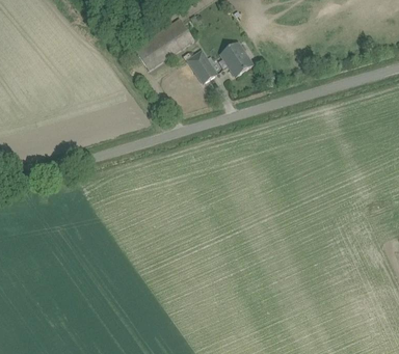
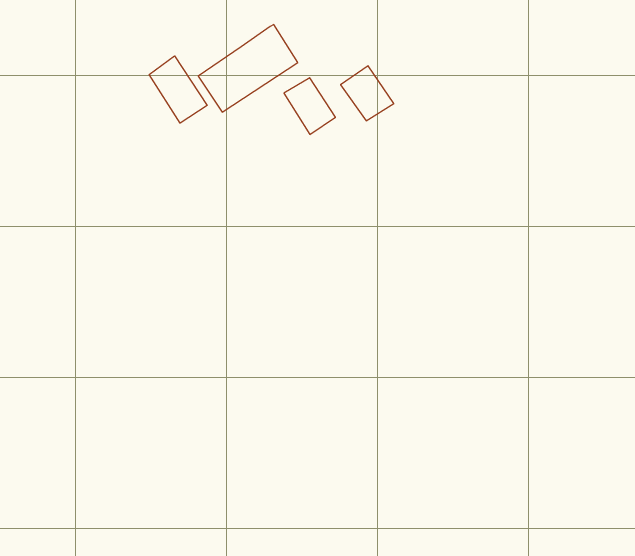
building: none -> [149,56,207,123]

